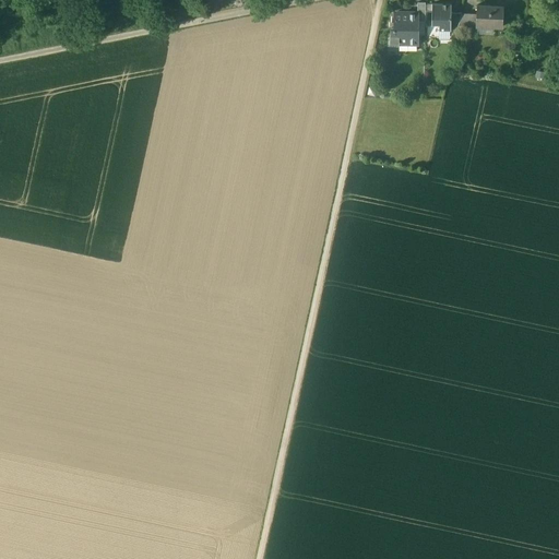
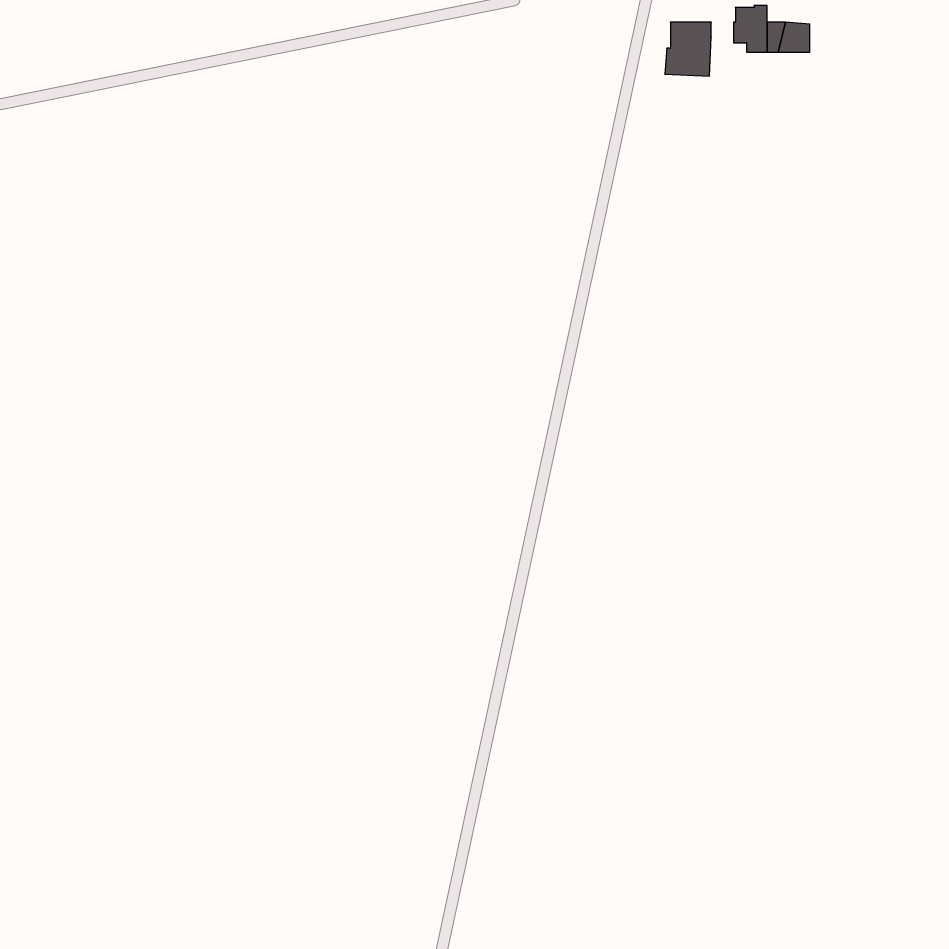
building: [476,5,503,27] -> none

